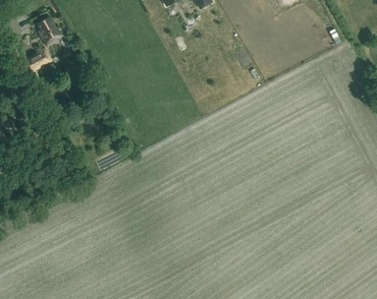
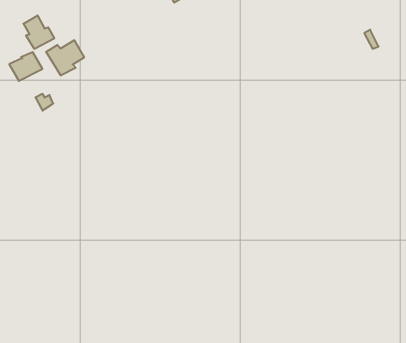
building: none -> [46,40,84,76]

